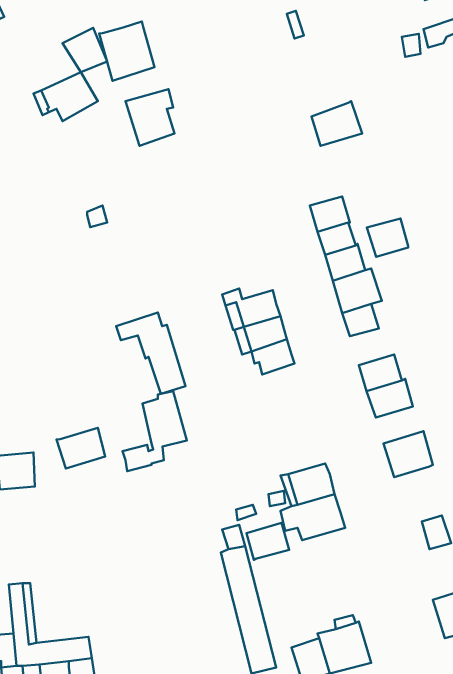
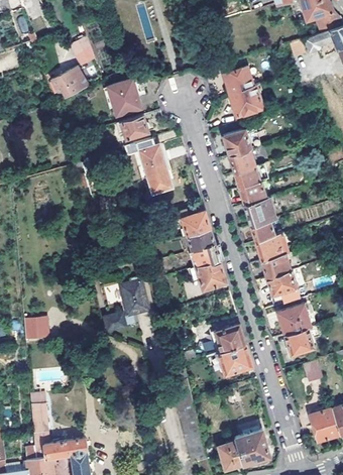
building: [99,21,154,81] -> none
building: none -> [223,69,254,97]
building: none -> [121,115,148,139]
building: [367,218,408,257] -> [223,130,250,155]
building: [116,312,185,394] -> [124,137,169,191]
building: none -> [255,233,288,260]
building: none -> [195,259,226,289]
building: [56,428,105,469] -> none
building: none -> [284,327,313,353]
building: [247,523,289,560] -> none

